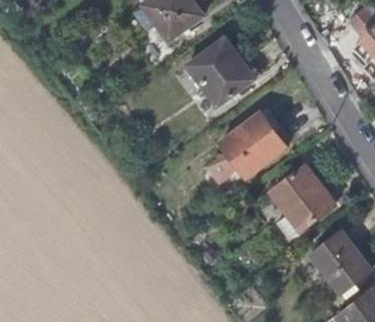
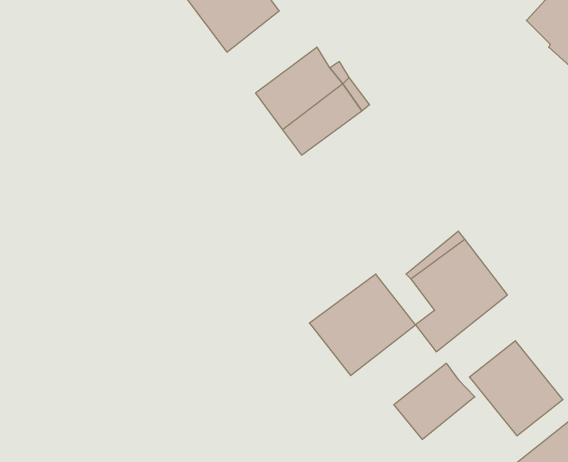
building: [218,113,285,178] -> [309,274,416,376]
building: none -> [394,363,475,439]

